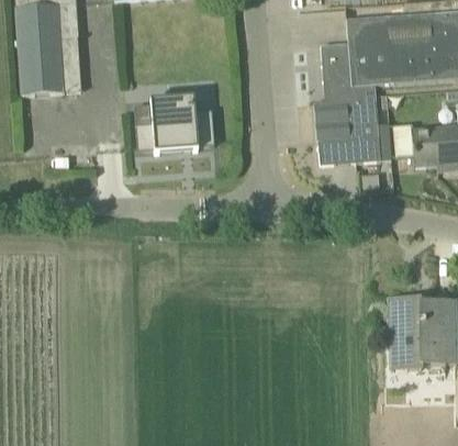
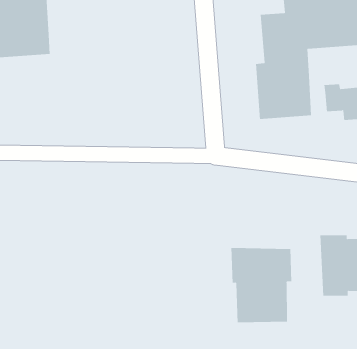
building: [135,94,213,152] -> none
building: none -> [231,247,292,323]

